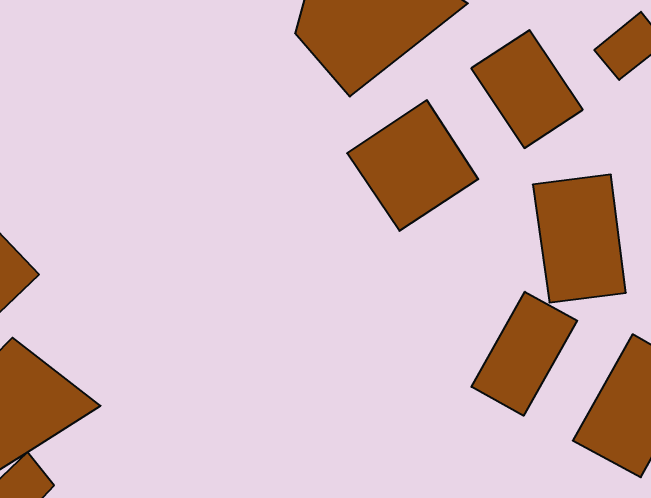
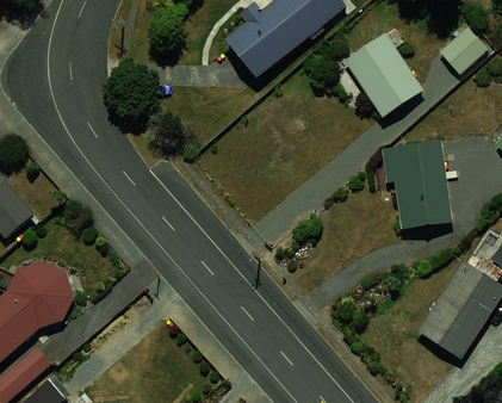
building: [347,100,478,231] -> none
building: [471,292,577,416] -> none

